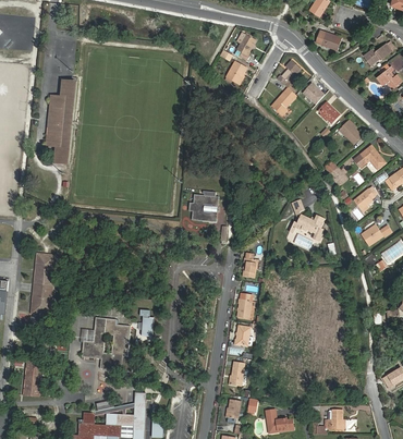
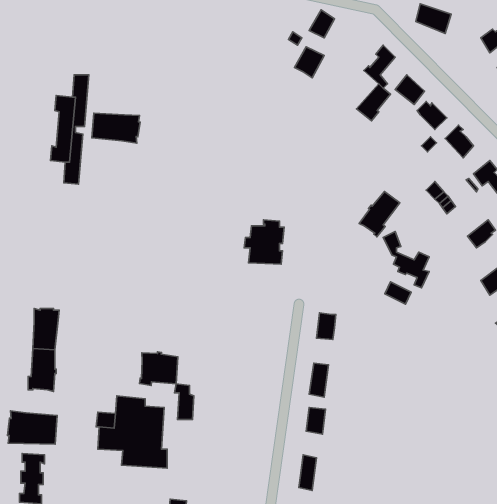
building: none -> [92,113,140,143]
building: none -> [359,192,400,237]
building: none -> [140,352,178,385]
building: none -> [7,411,57,444]

